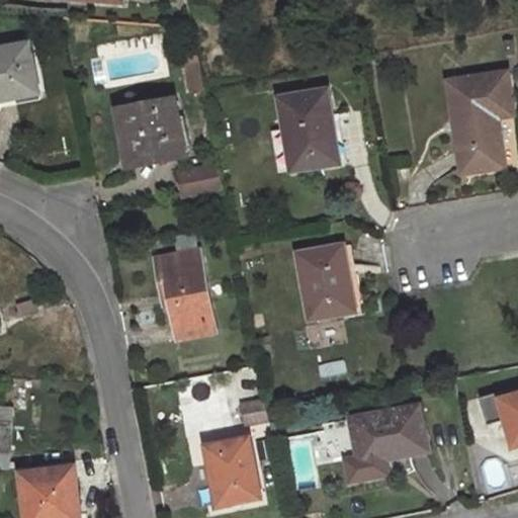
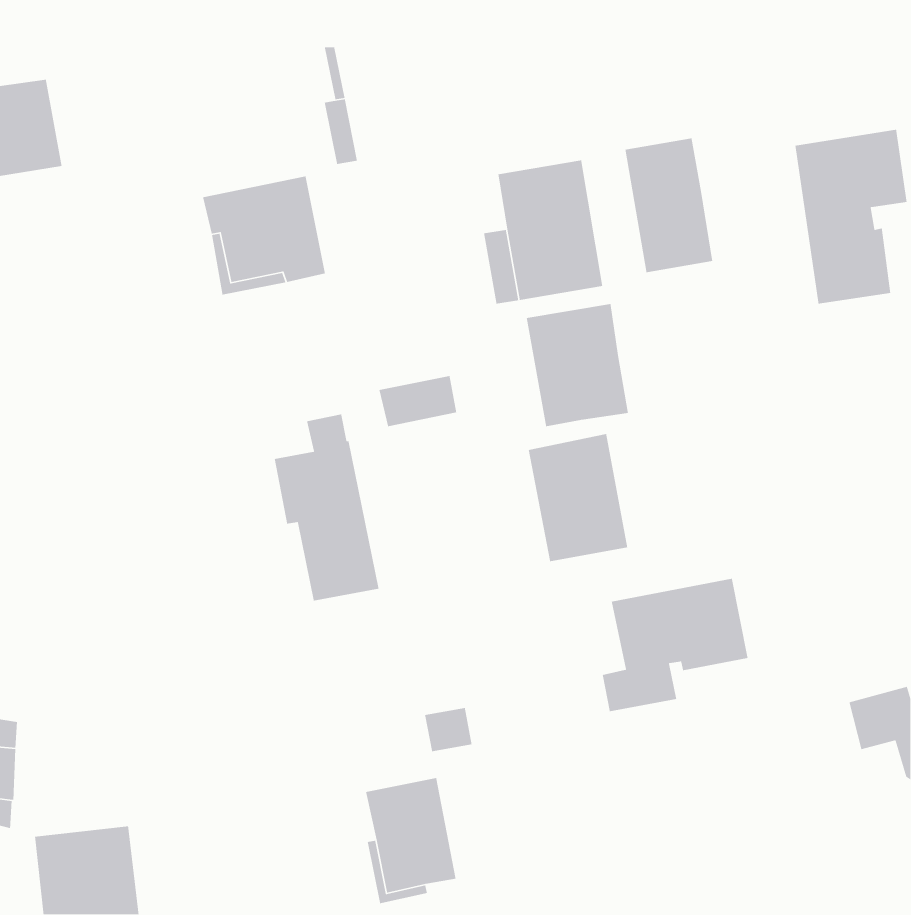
building: none -> [625,138,713,273]
building: [177,164,222,193] -> [378,375,457,427]
building: none -> [526,303,629,427]
building: [344,406,427,482] -> [602,578,749,712]

